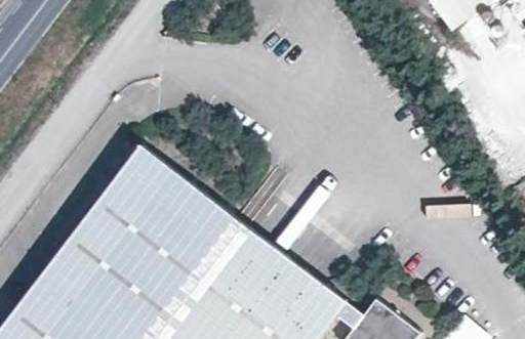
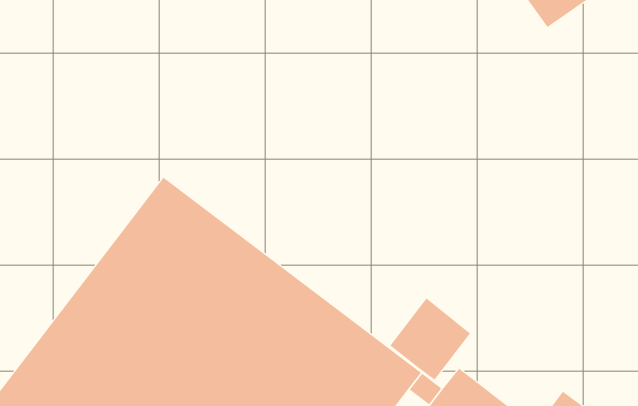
building: none -> [390,297,471,380]

